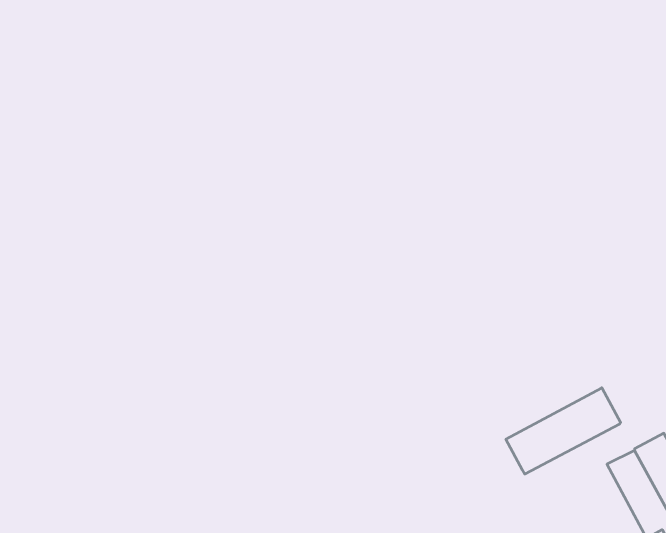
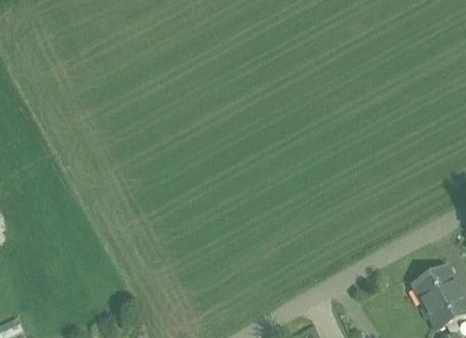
building: [506,388,621,474] -> none

